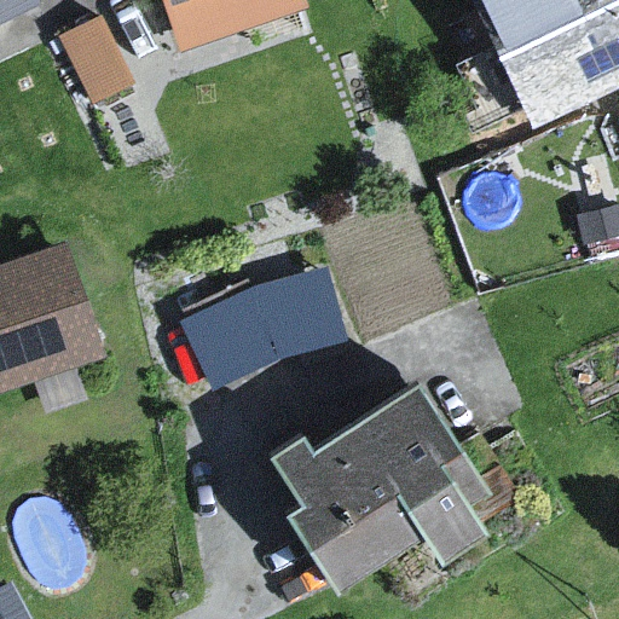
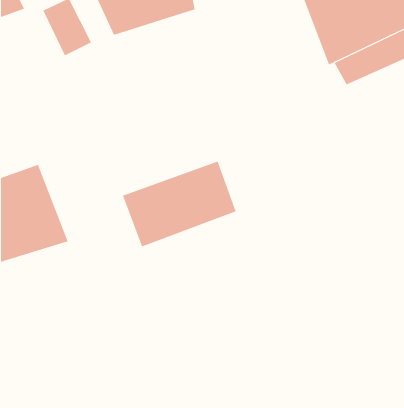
building: [259,386,488,595] -> none

